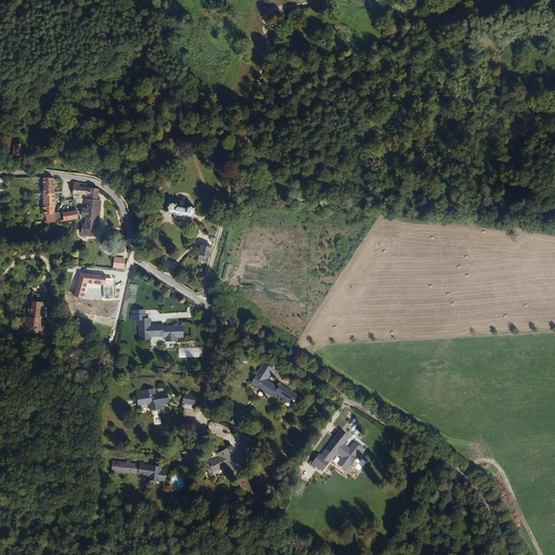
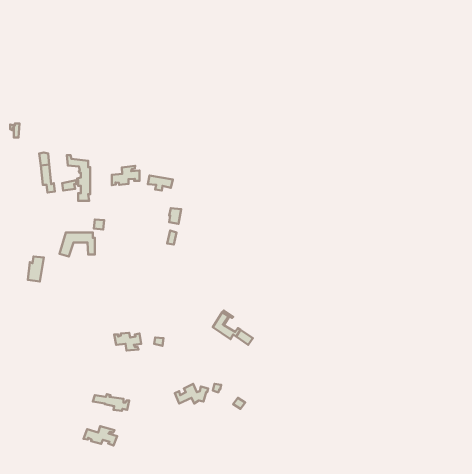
building: none -> [112,166,139,185]
building: [131,312,179,339] -> none
building: [306,430,359,469] -> none
building: none -> [83,426,117,445]

